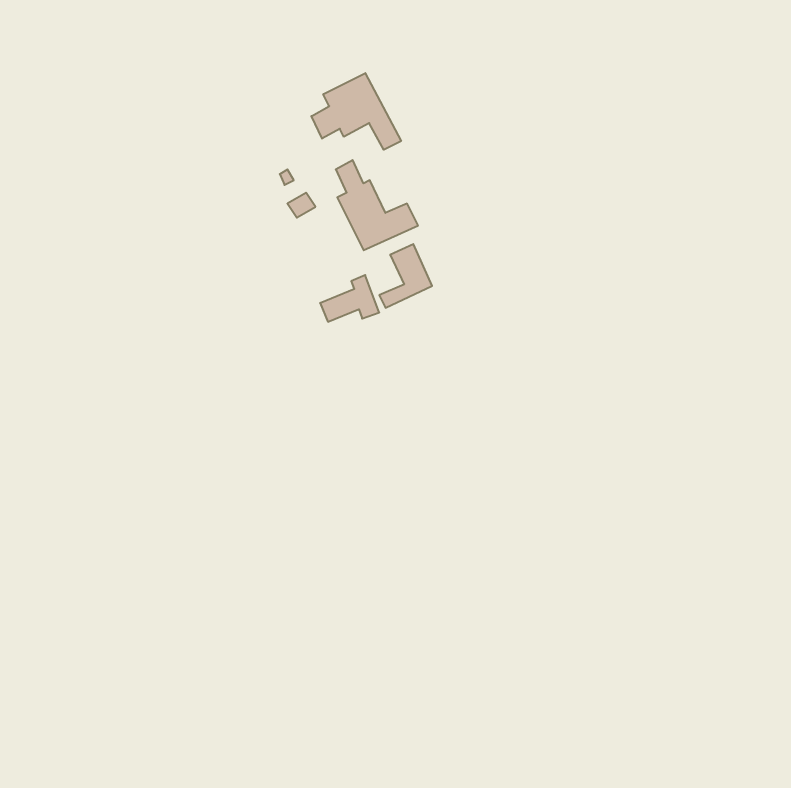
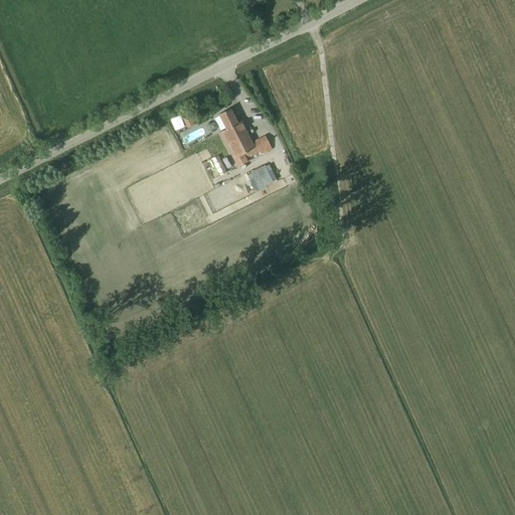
building: [311,73,401,150] -> none

